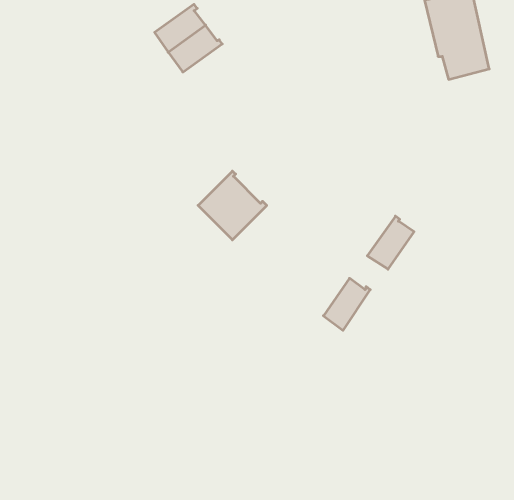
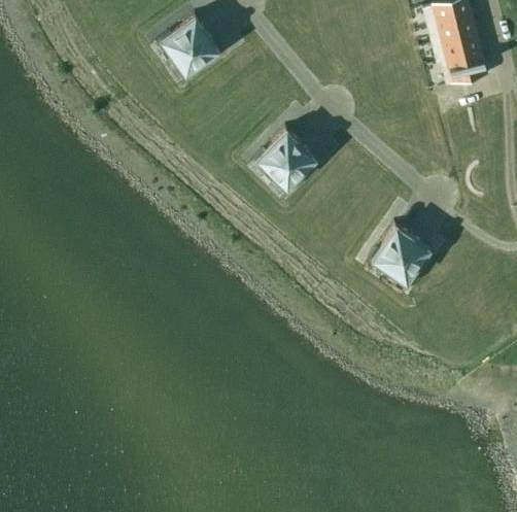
building: [198,171,267,240] -> [253,126,321,194]
building: [323,278,370,330] -> [388,237,435,288]

